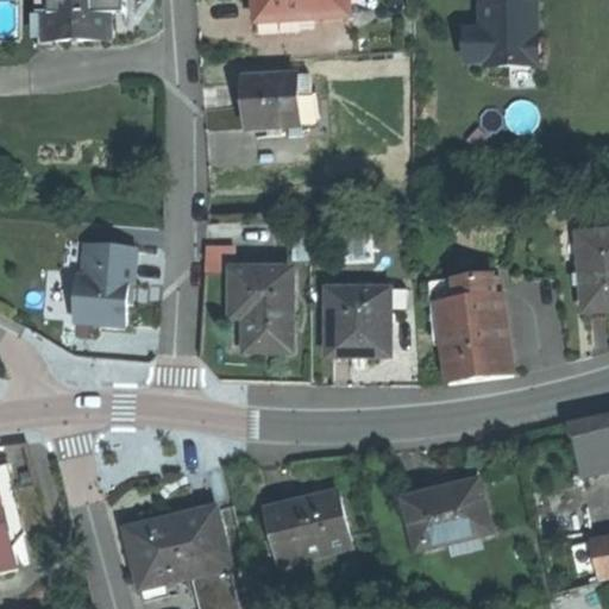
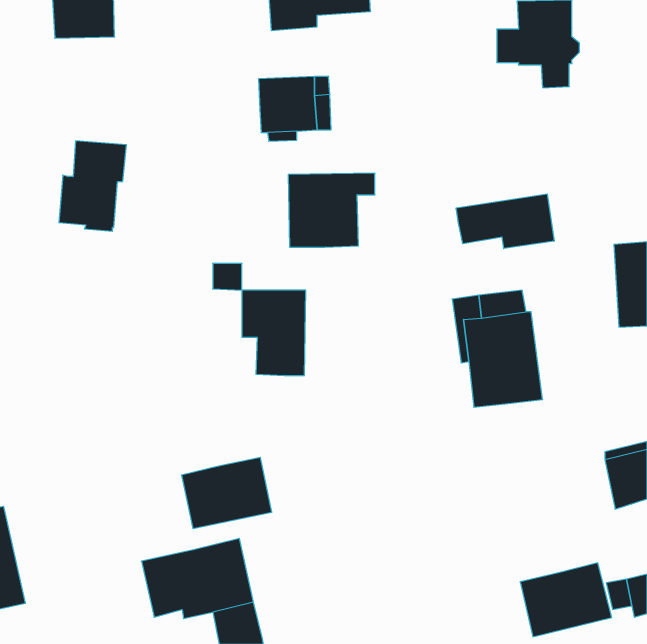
building: none -> [456,194,554,249]
building: [73,240,136,325] -> [59,141,126,231]
building: [321,287,402,356] -> [288,173,375,247]
building: [414,477,500,546] -> [520,563,612,637]
building: [274,490,358,557] -> [181,457,272,529]

